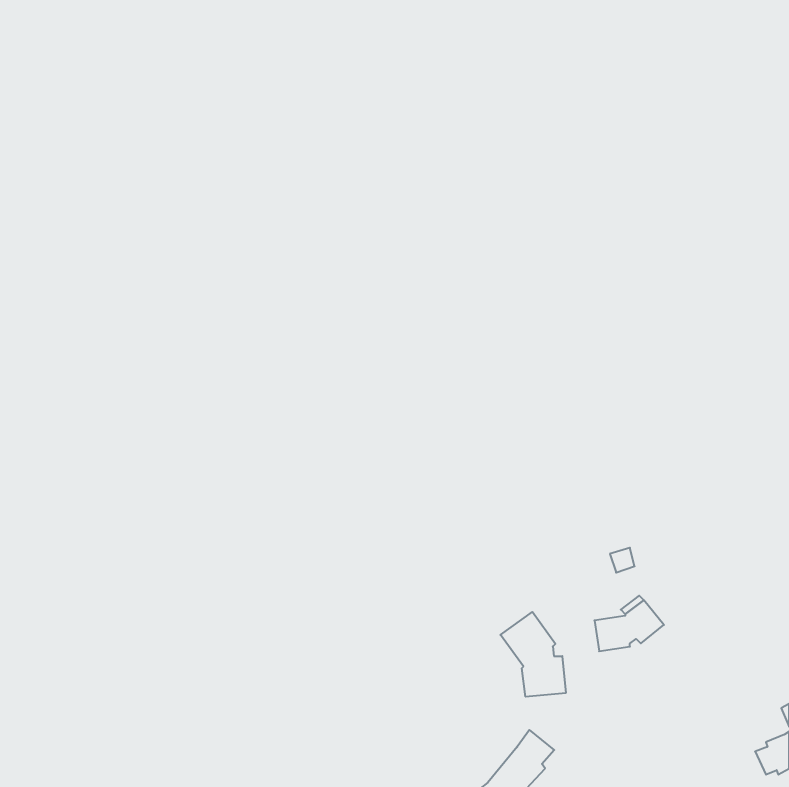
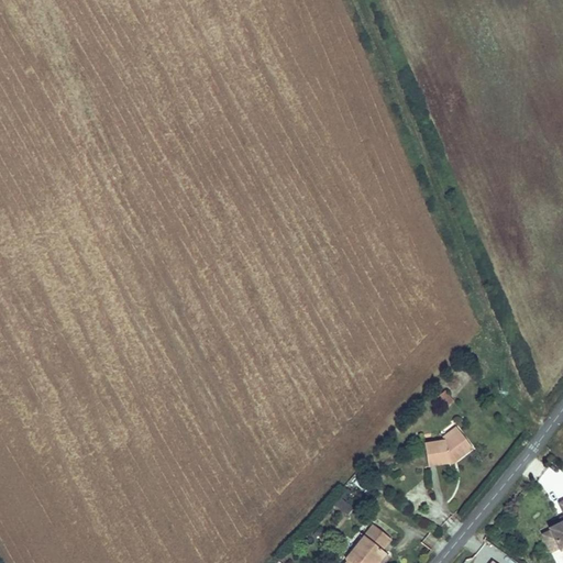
building: [500,612,566,697] -> none

